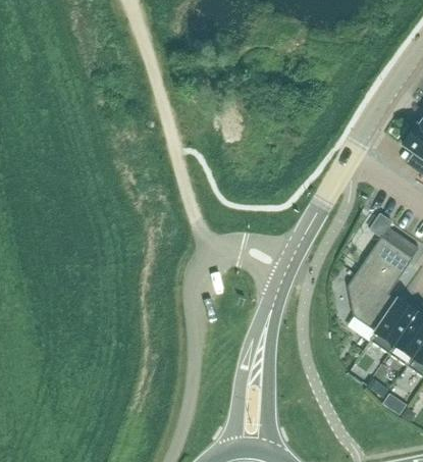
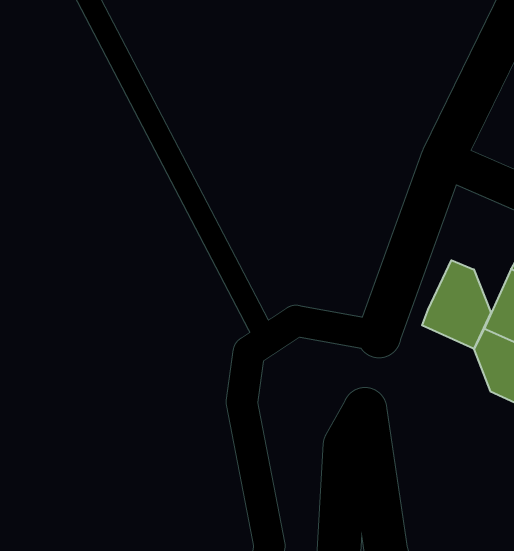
building: none -> [422,260,491,349]

